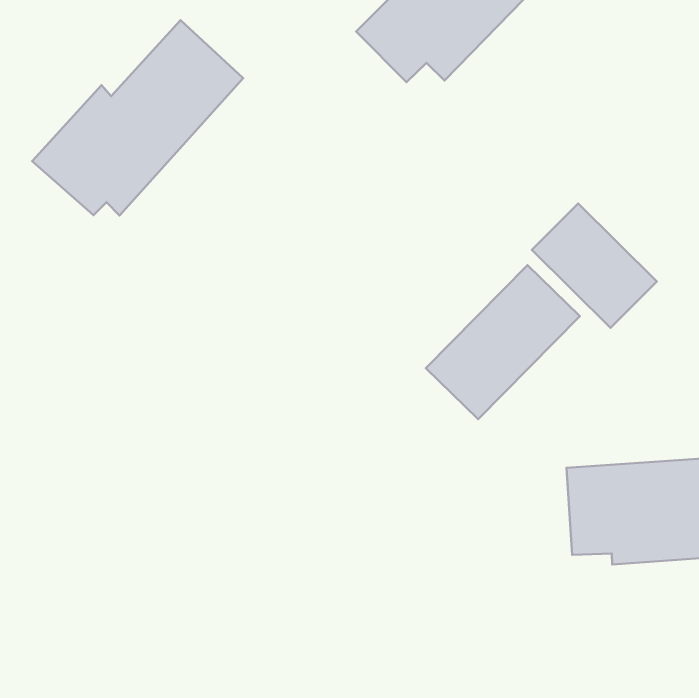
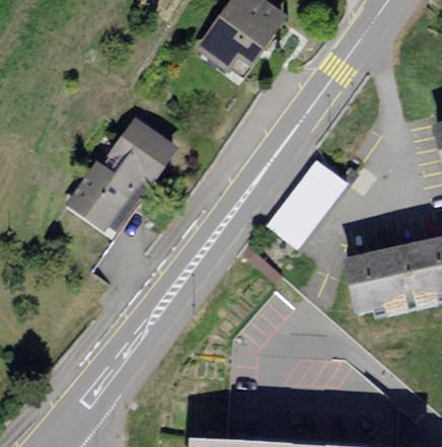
building: [32,20,243,215] -> [69,117,176,229]
building: [532,204,657,328] -> none

